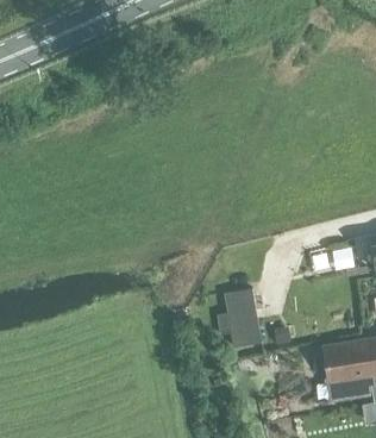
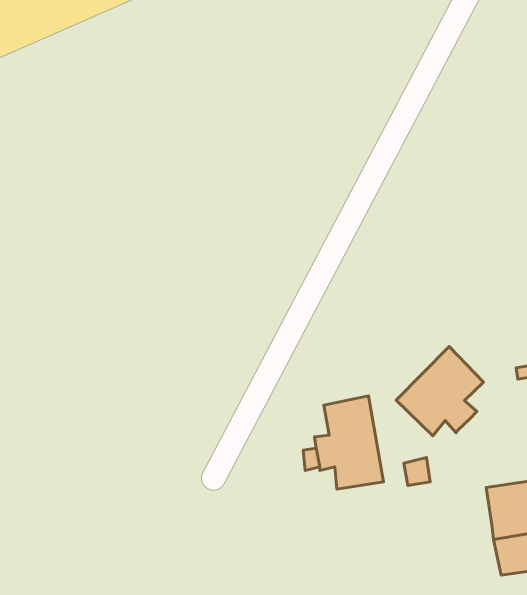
building: none -> [396,346,483,436]

